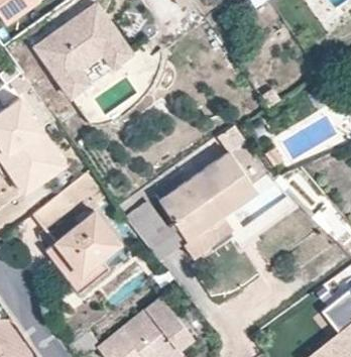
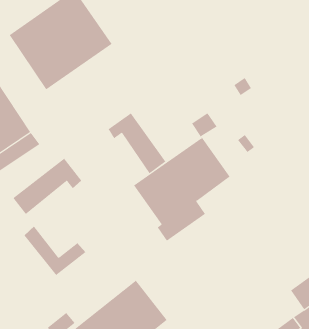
building: none -> [108,113,166,174]
building: [56,212,120,274] -> none

